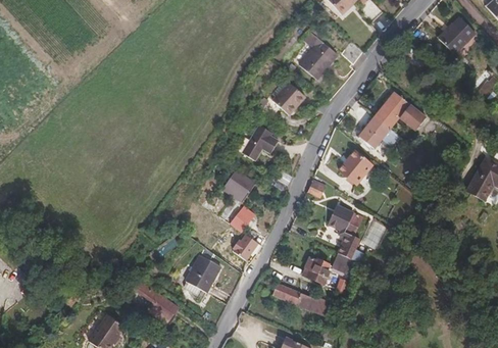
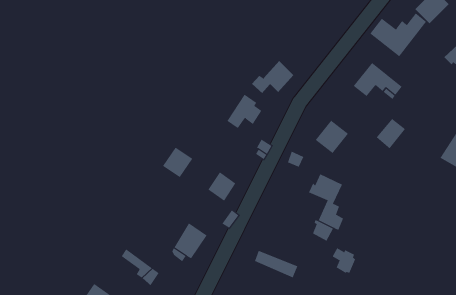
building: [302,34,336,78] -> none
building: none -> [369,13,427,57]
building: [357,114,388,146] -> [376,118,406,149]
building: [220,166,252,198] -> [162,147,193,178]
building: [305,257,330,284] -> [332,248,356,274]

